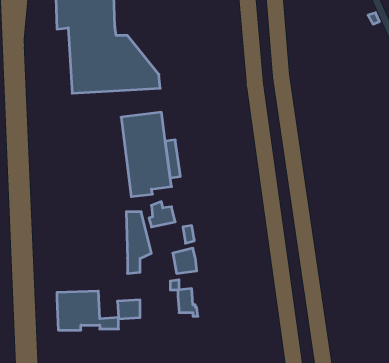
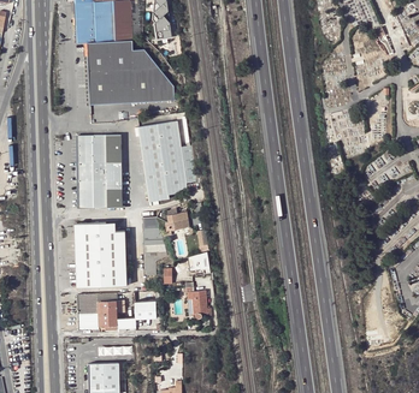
building: none -> [77,135,120,208]
building: none -> [73,222,125,286]

